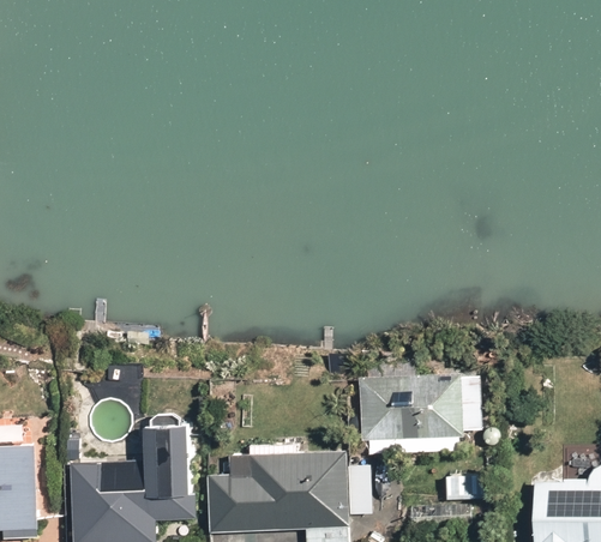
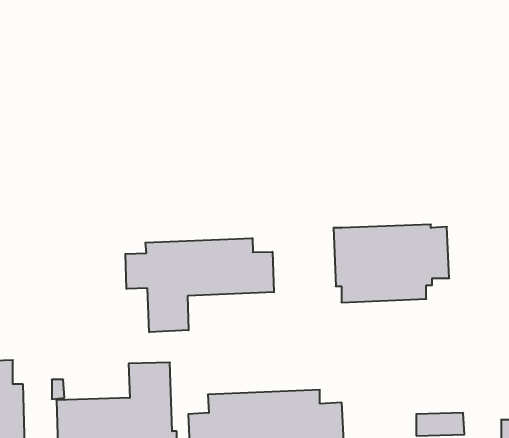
building: none -> [126,238,274,332]
building: [360,373,481,454] -> [333,224,449,302]

